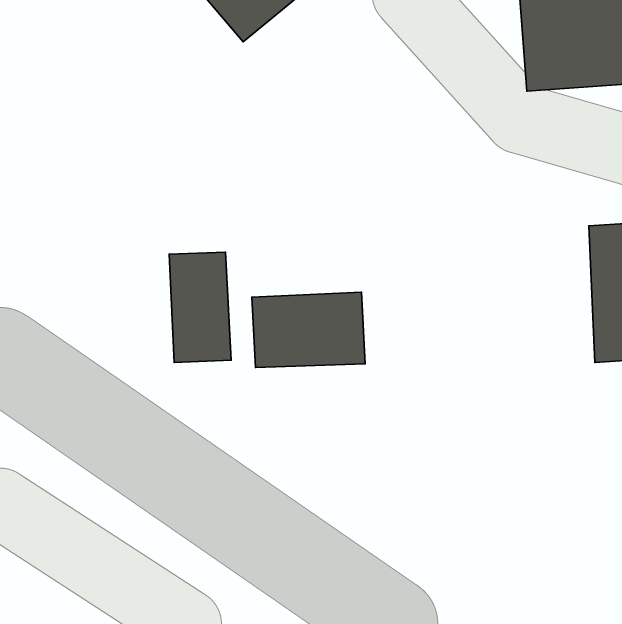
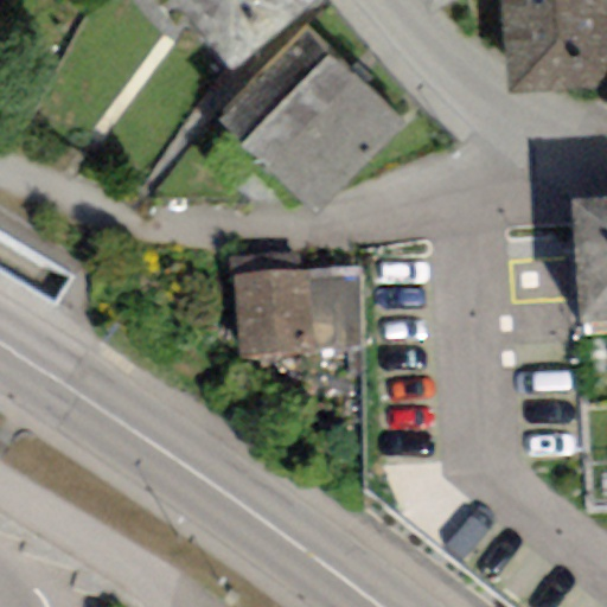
building: none -> [236,30,395,187]
building: [169,252,231,362] -> none

